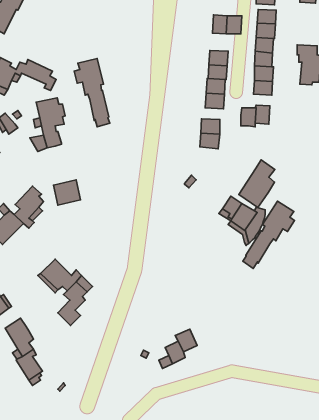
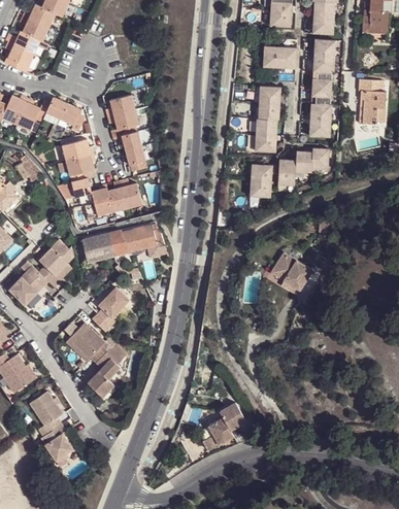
building: none -> [277,159,295,185]
building: none -> [85,179,142,215]
building: [239,160,275,208] -> none
building: none -> [108,225,164,256]
building: [243,201,294,268] -> none
building: none -> [91,285,128,331]

